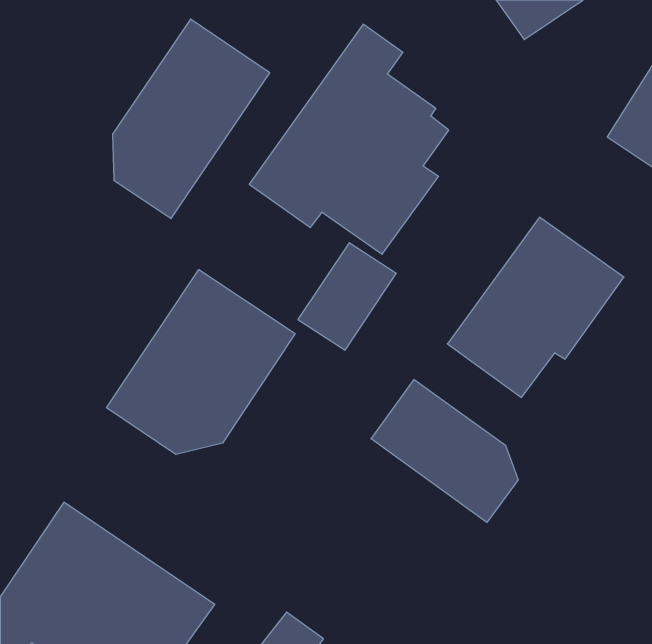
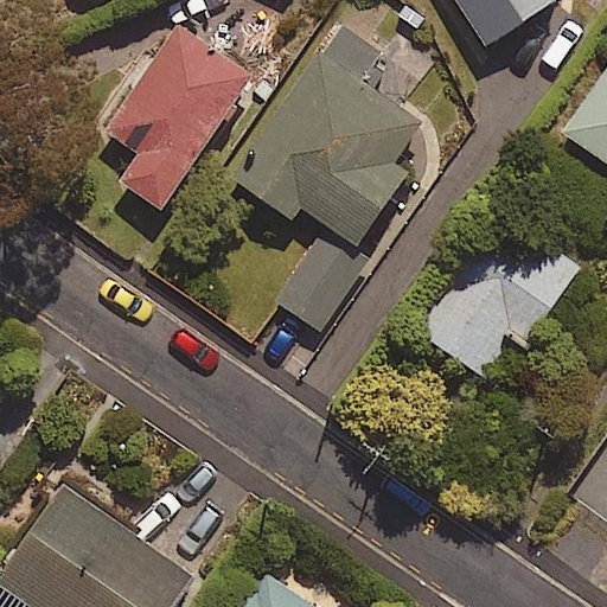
building: [107,270,295,454] -> none
building: [371,379,518,522] -> none

